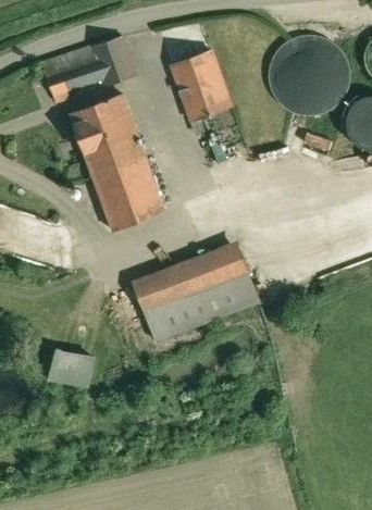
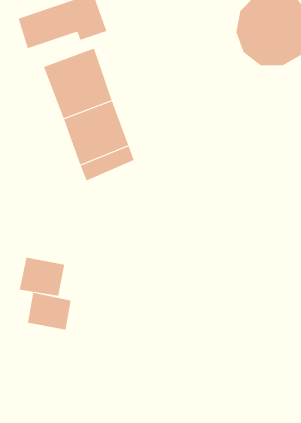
building: [171,50,231,122] -> none
building: [136,253,259,340] -> none
building: none -> [19,257,65,296]

